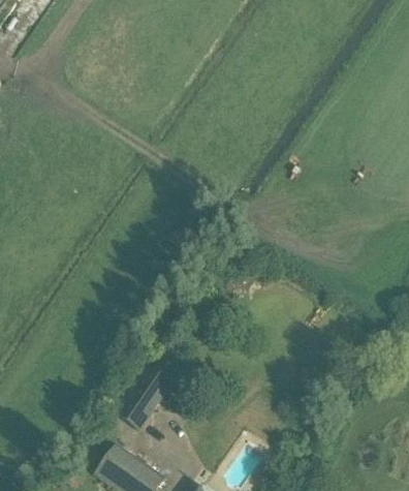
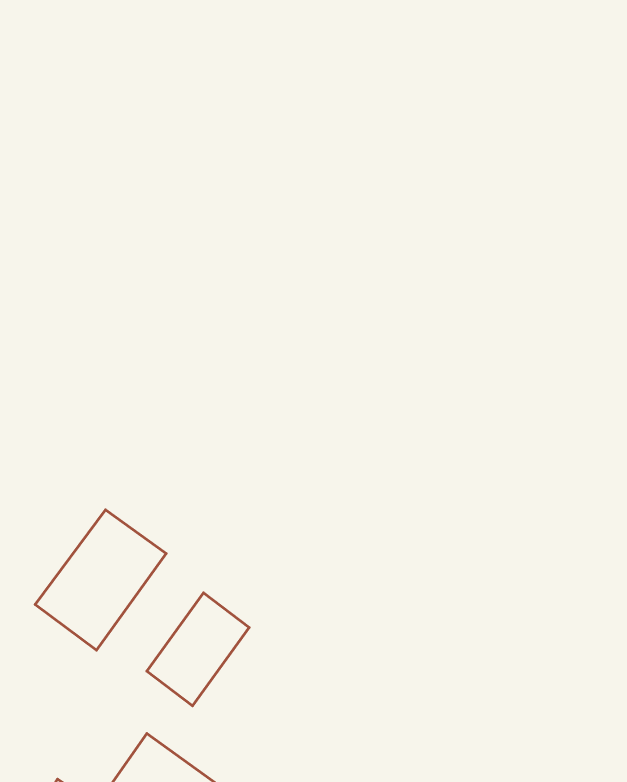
building: none -> [35,510,166,650]

